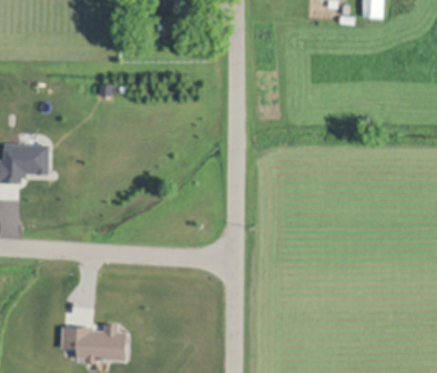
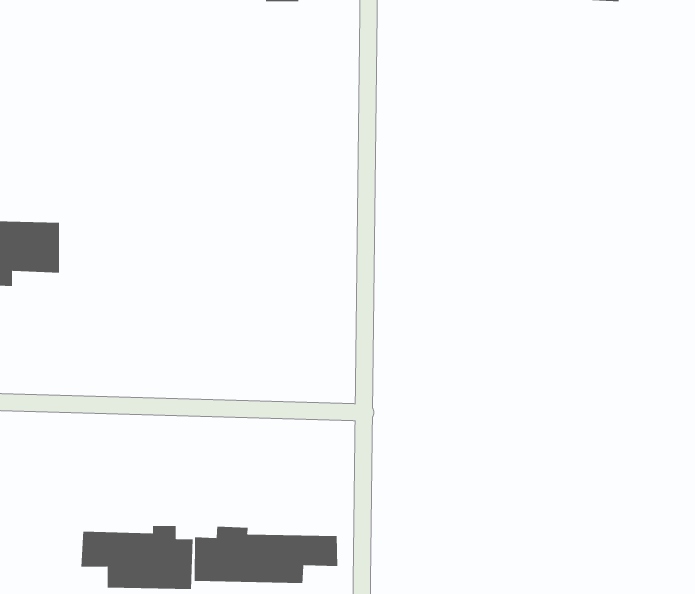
building: none -> [194,526,338,584]

